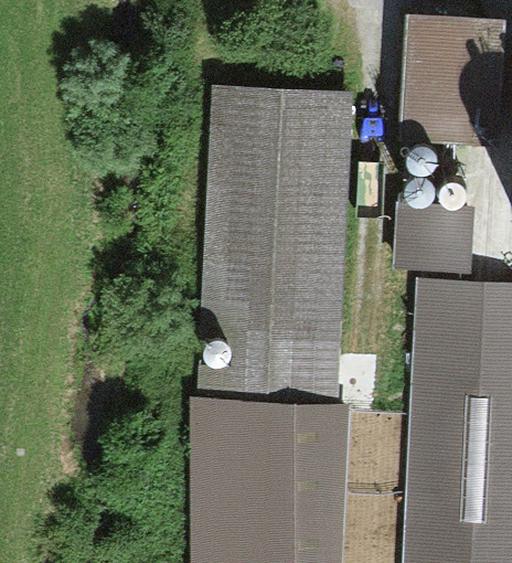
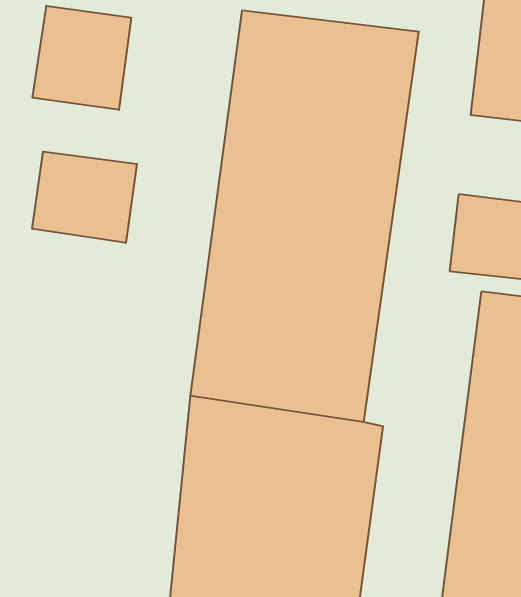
building: none -> [33,6,131,110]
building: none -> [32,151,137,243]

